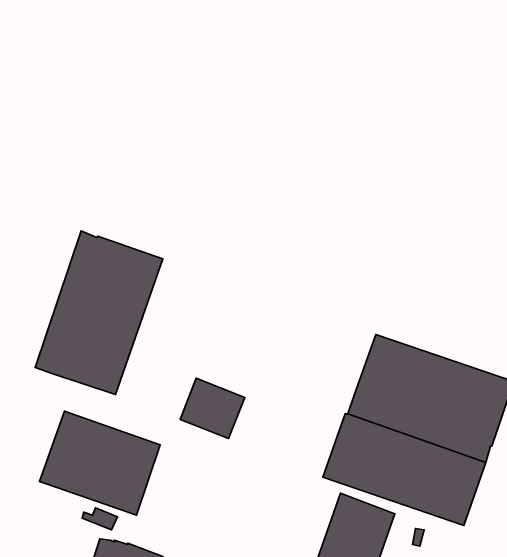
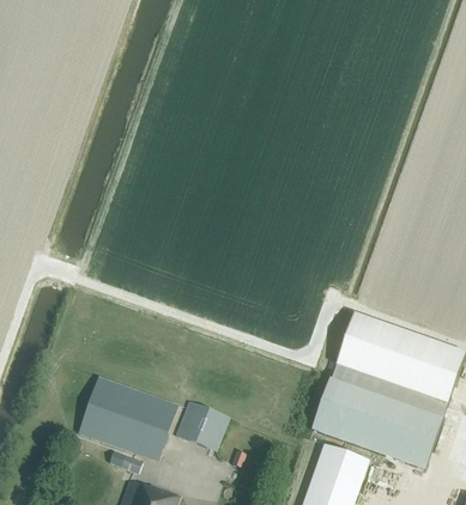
building: [35,231,163,395] -> none
building: [180,378,245,438] -> [176,400,229,449]

